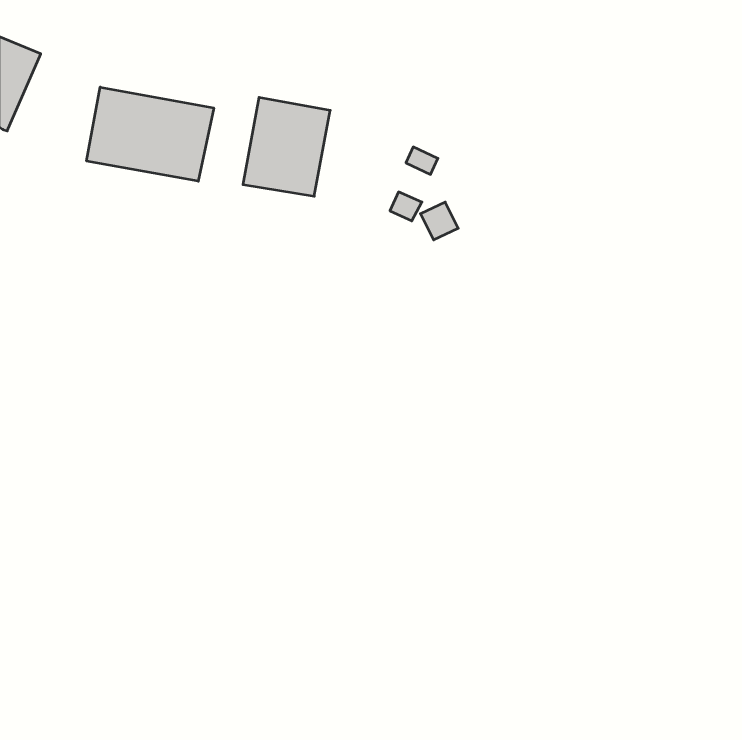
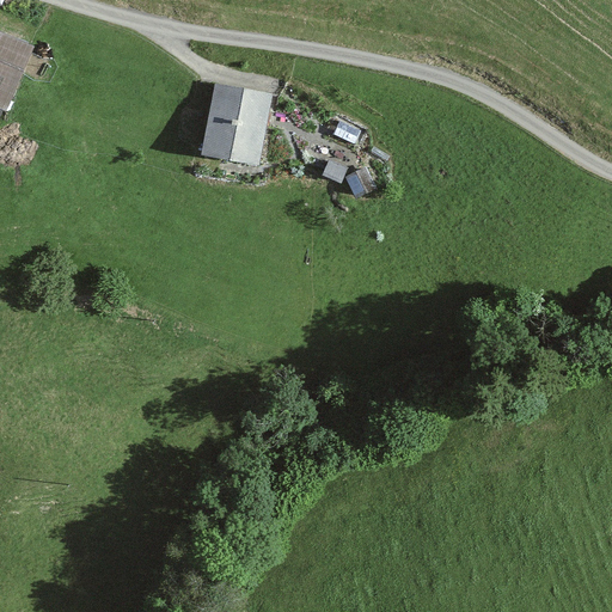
building: [87,87,214,181] -> none

